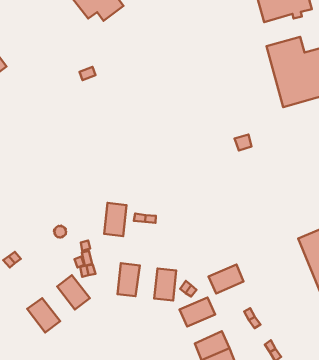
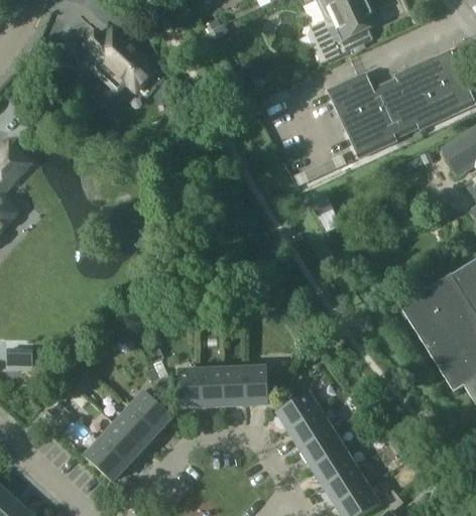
building: [104,203,126,236] -> [180,369,204,406]
building: [209,265,243,293] -> [290,410,332,447]
building: none -> [224,368,247,404]
building: none -> [117,408,157,447]
building: none -> [87,439,127,480]

